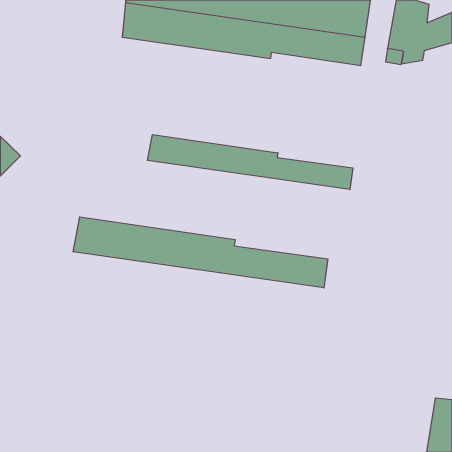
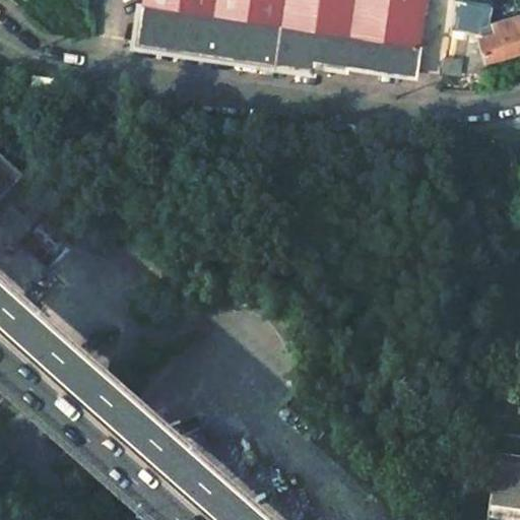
building: [148,135,353,190] -> none
building: [73,217,328,288] -> none

